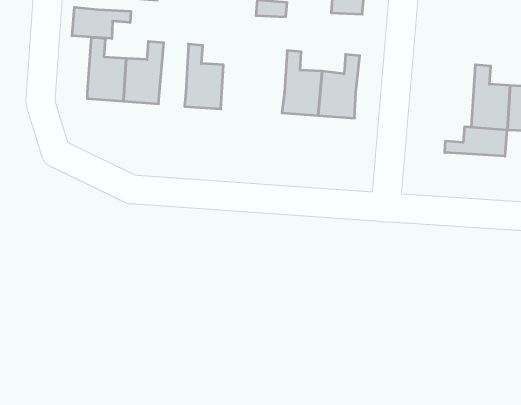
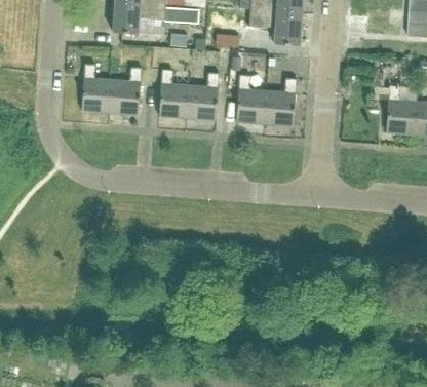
building: [72,7,131,39] -> none
building: none -> [187,72,219,121]
building: [445,127,507,156] -> none

